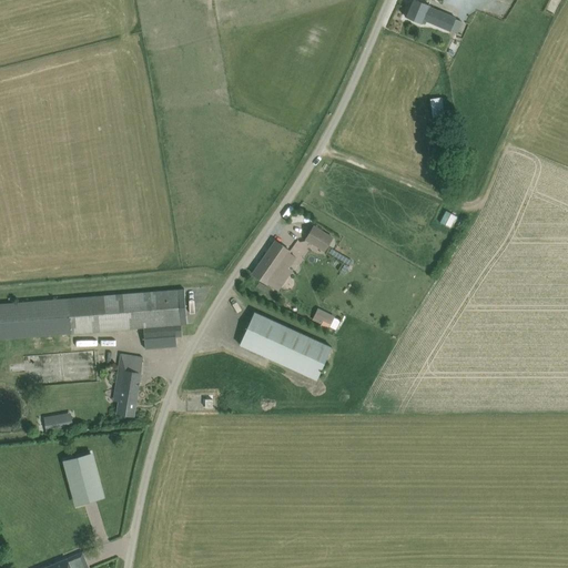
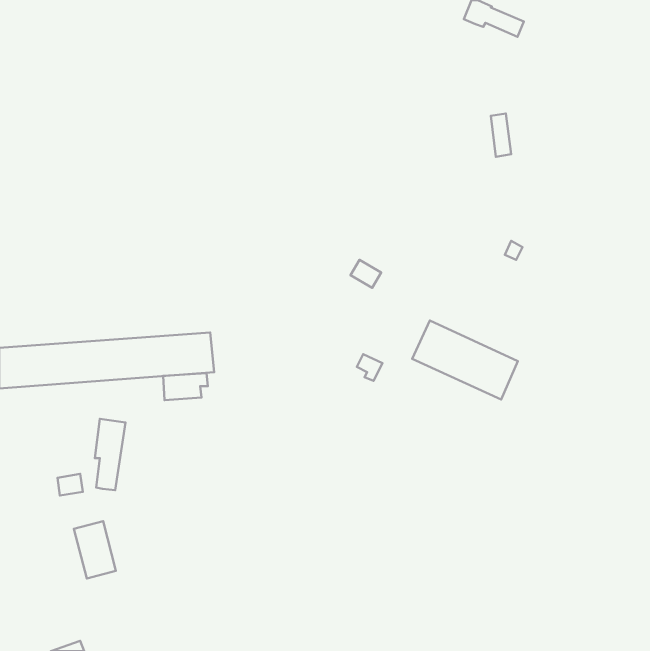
building: [251,241,291,291] -> none
building: [239,312,331,381] -> [412,320,518,399]
building: [115,354,142,416] -> [95,419,125,490]

